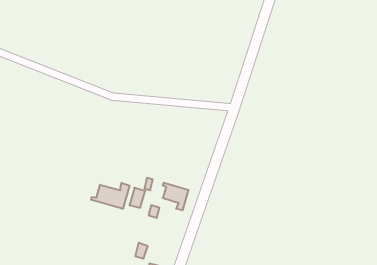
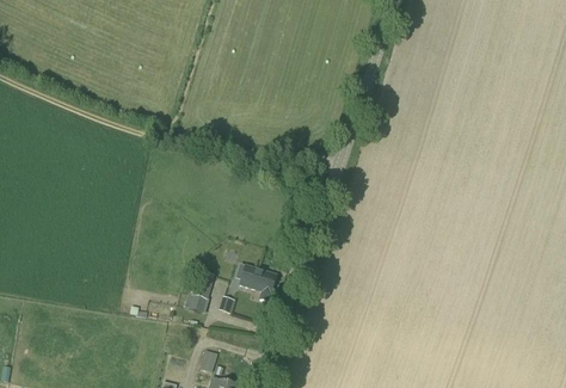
building: [91,183,130,209] -> none

